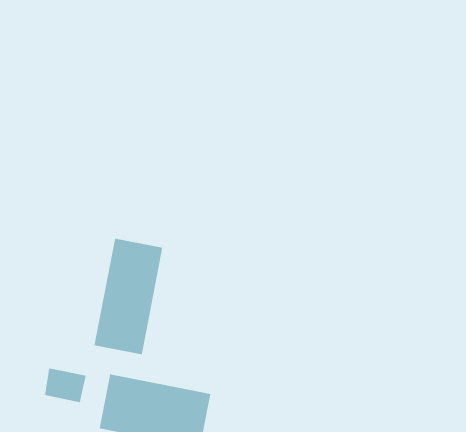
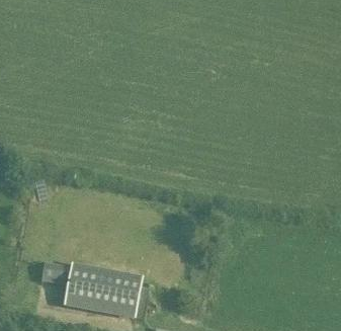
building: [94,238,163,355] -> none

